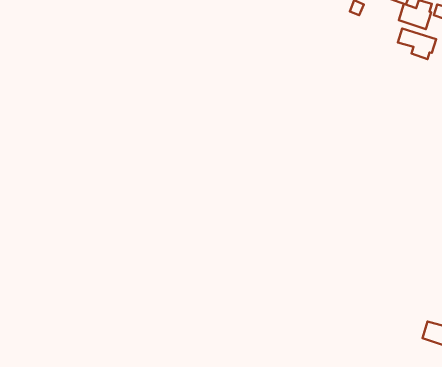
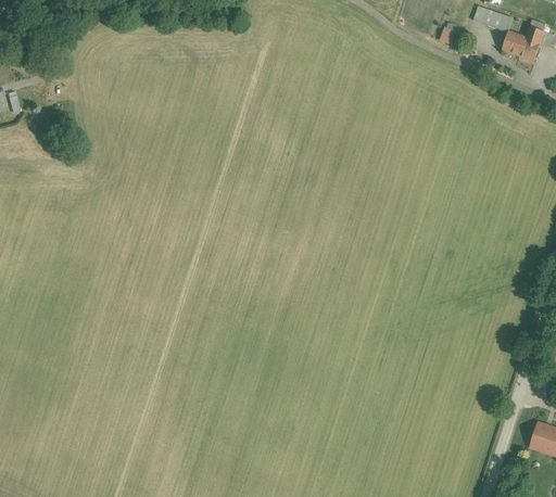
building: [398,29,436,59] -> none

